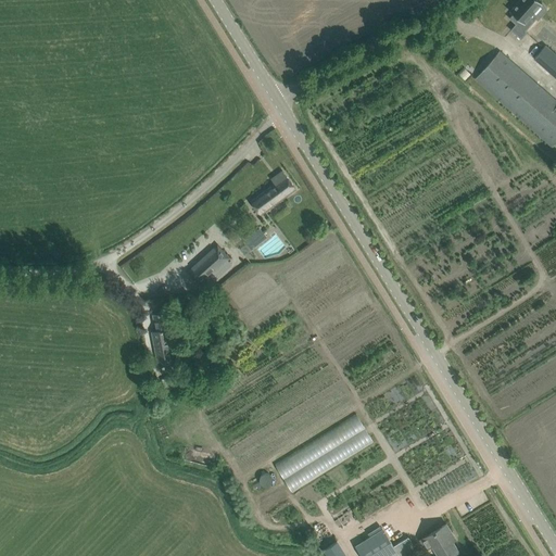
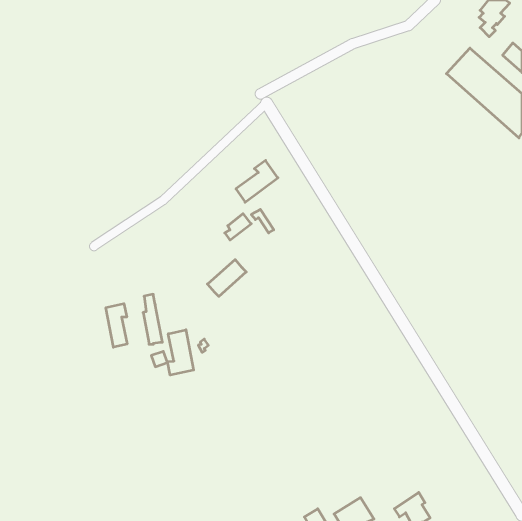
building: [188,245,229,285] -> [207,260,246,296]
building: none -> [106,304,127,347]
building: none -> [167,330,194,375]
building: [275,417,375,488] -> none

